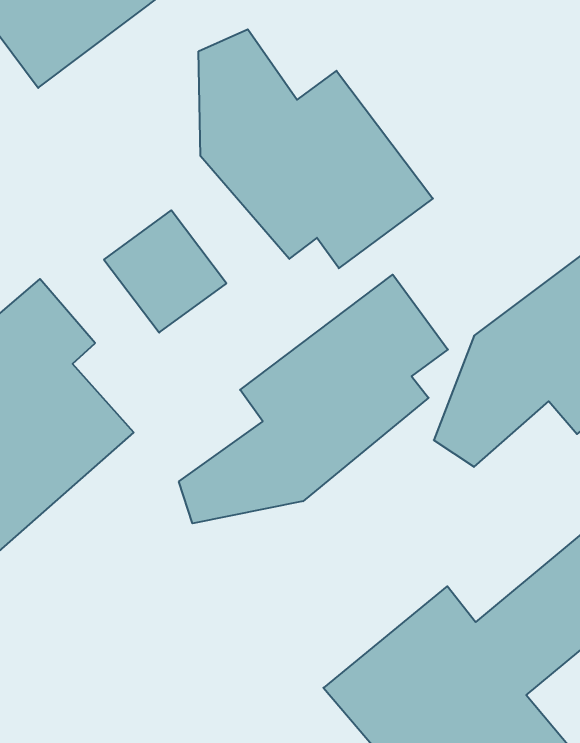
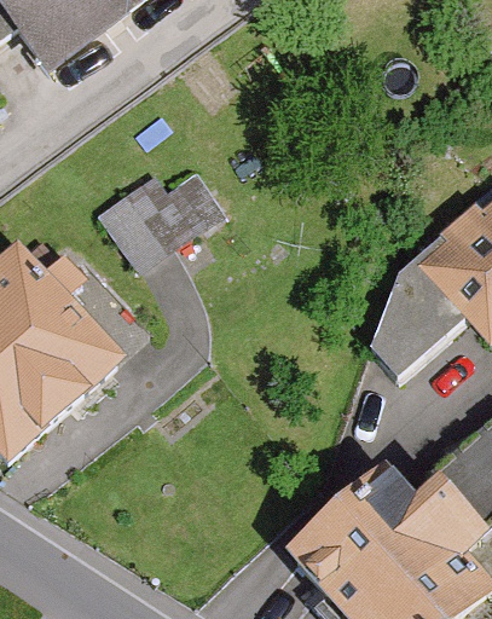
building: [199,29,433,268] -> none
building: [179,275,448,523] -> none

